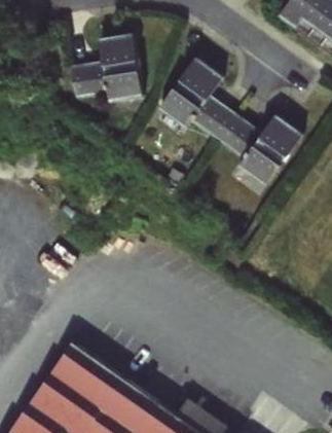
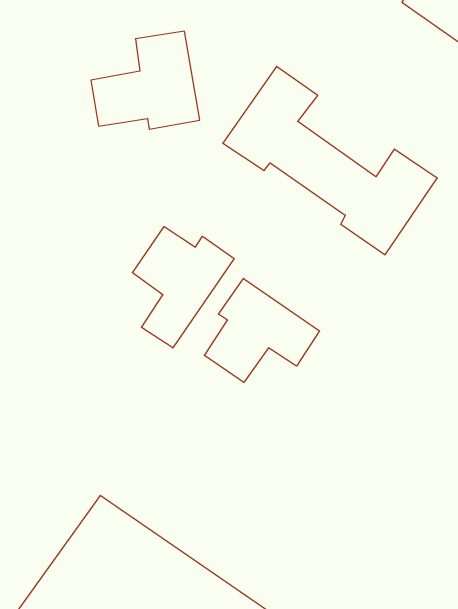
building: none -> [132,227,234,348]
building: none -> [204,278,320,382]

